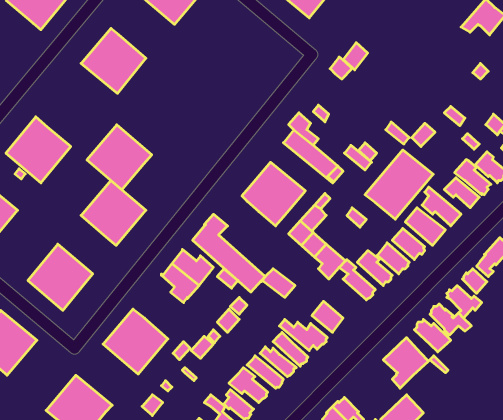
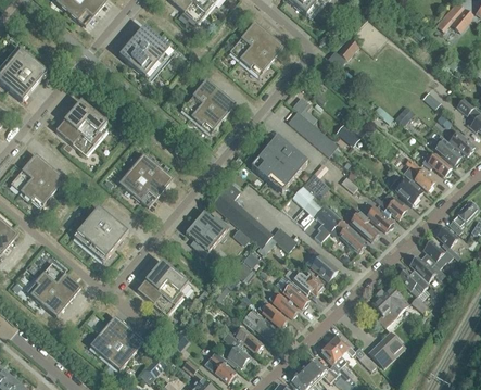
building: none -> [229,21,283,76]
building: [87,125,152,190] -> [181,78,236,133]
building: [365,150,433,219] -> none

